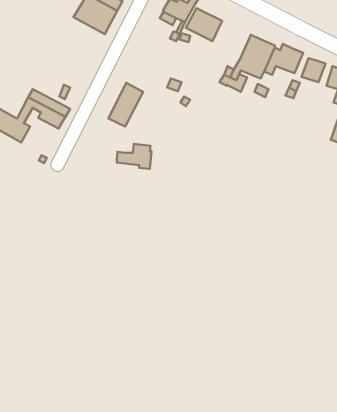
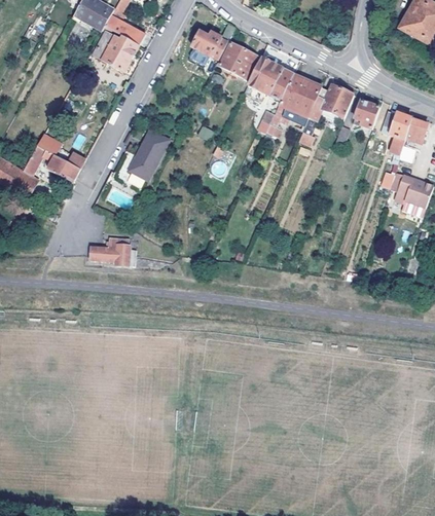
building: none -> [248,57,294,101]
building: [117,144,151,169] -> [90,236,131,265]

